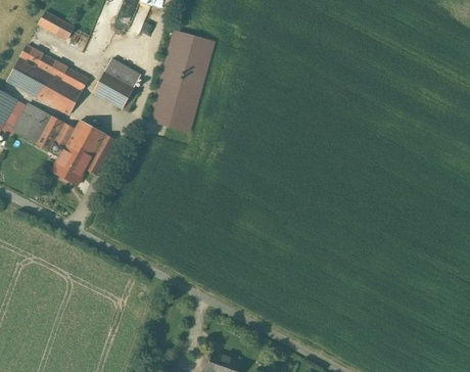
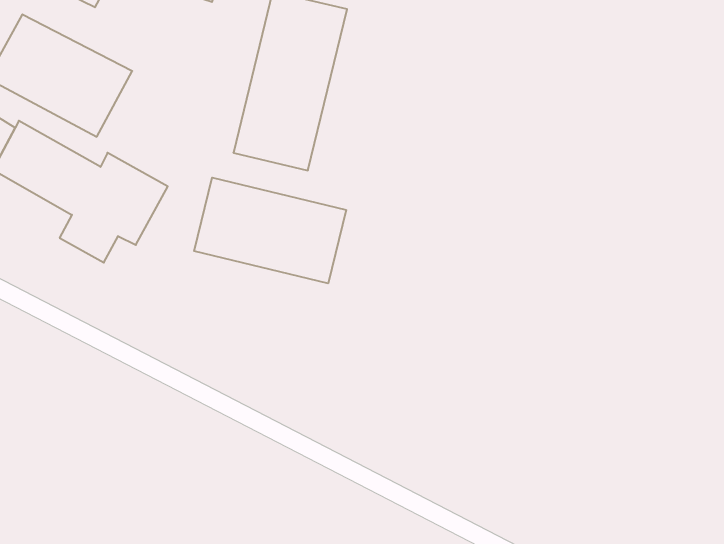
building: [95,57,143,108] -> none
building: none -> [194,178,346,283]

